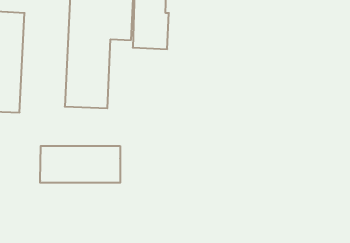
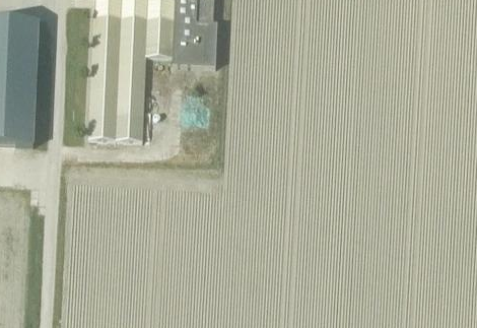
building: [40,146,120,183] -> none

